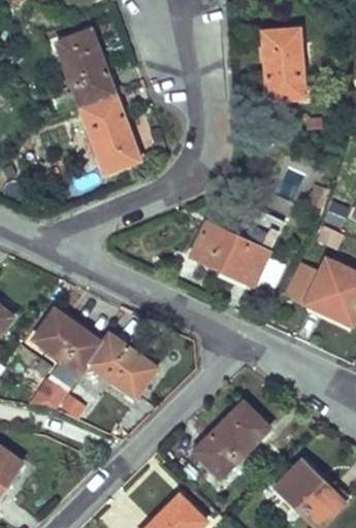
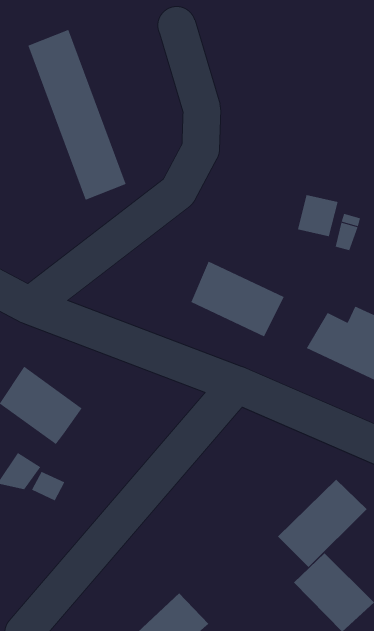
building: [263,28,304,100] -> none
building: [87,333,156,398] -> none
building: [193,402,267,475] -> [277,479,367,568]

